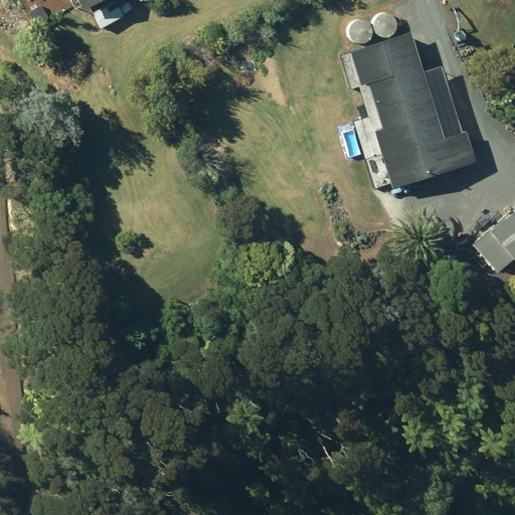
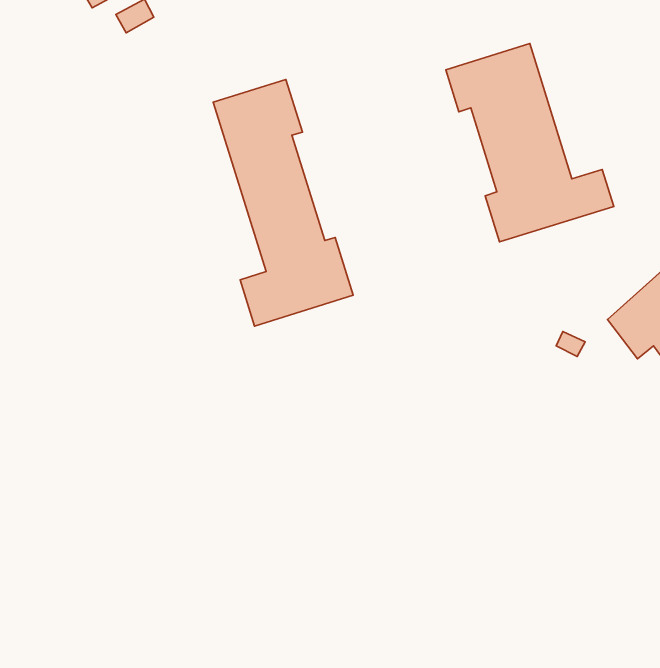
building: none -> [213,80,353,326]

